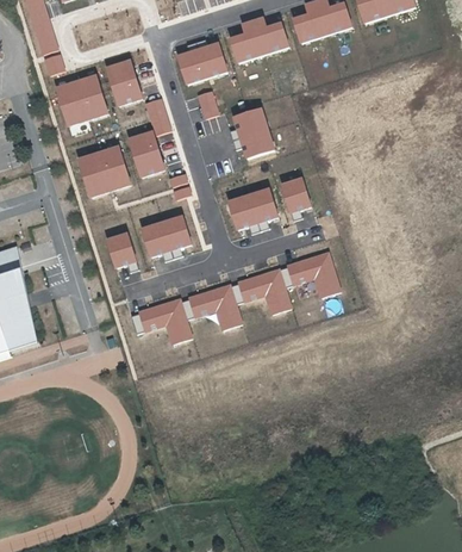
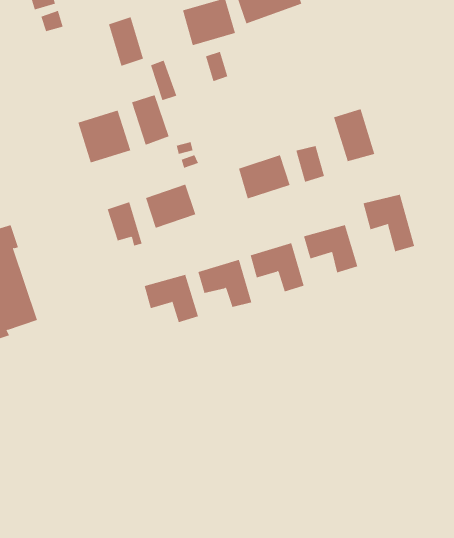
building: [55,73,105,125] -> none
building: [235,106,274,156] -> [333,108,375,162]
building: none -> [363,194,415,252]

